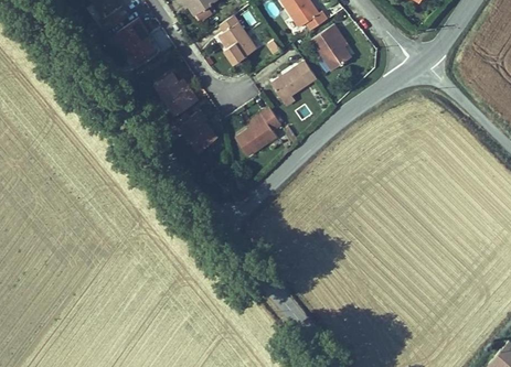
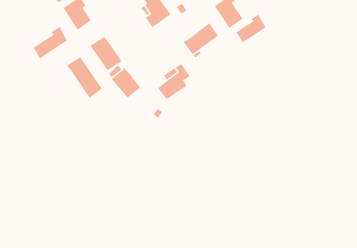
building: none -> [235,13,266,44]
building: none -> [33,26,68,59]
building: none -> [66,56,103,99]

